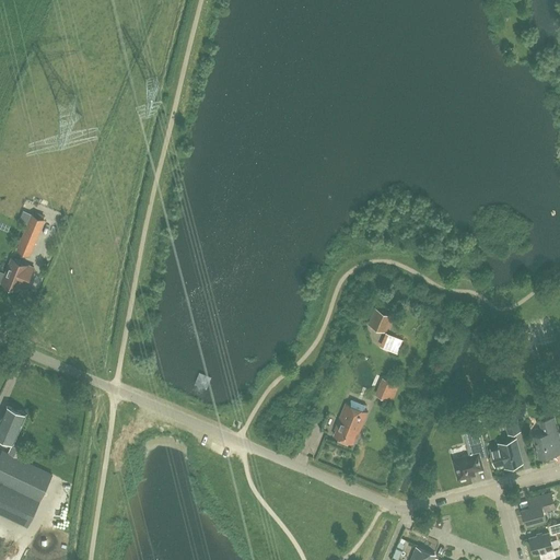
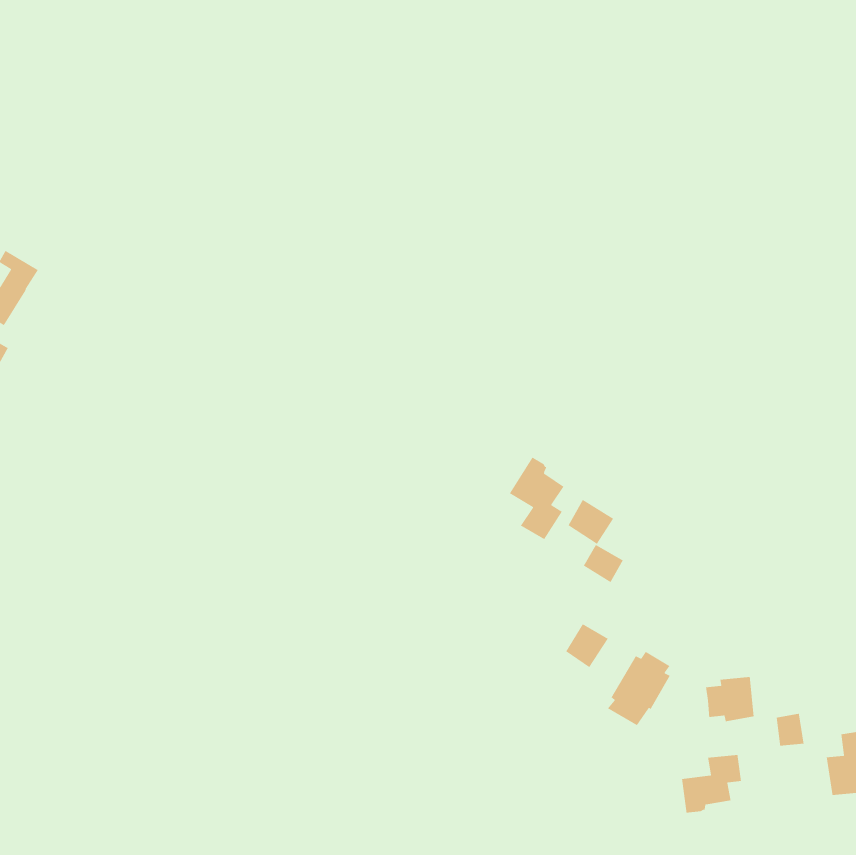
building: none -> [509,457,565,540]
building: [332,400,366,444] -> [607,651,671,726]
building: [490,440,521,468] -> [705,676,755,722]

